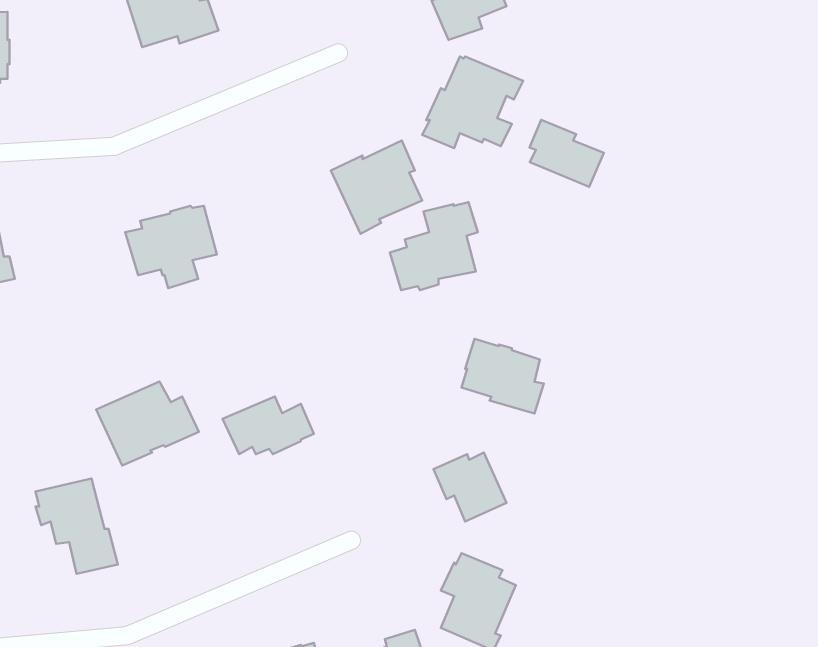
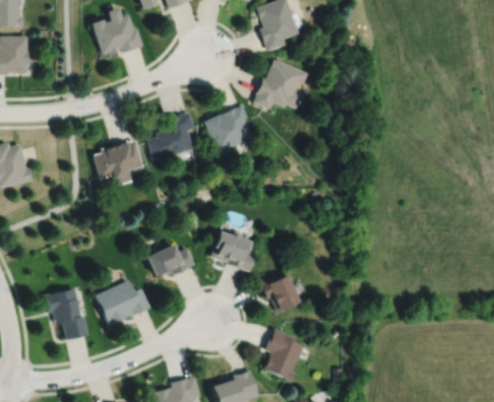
building: [529,120,604,187] -> none
building: [390,202,478,290] -> [147,112,195,159]
building: [461,339,544,414] -> [211,230,256,271]
building: [96,382,199,466] -> [95,280,150,326]

